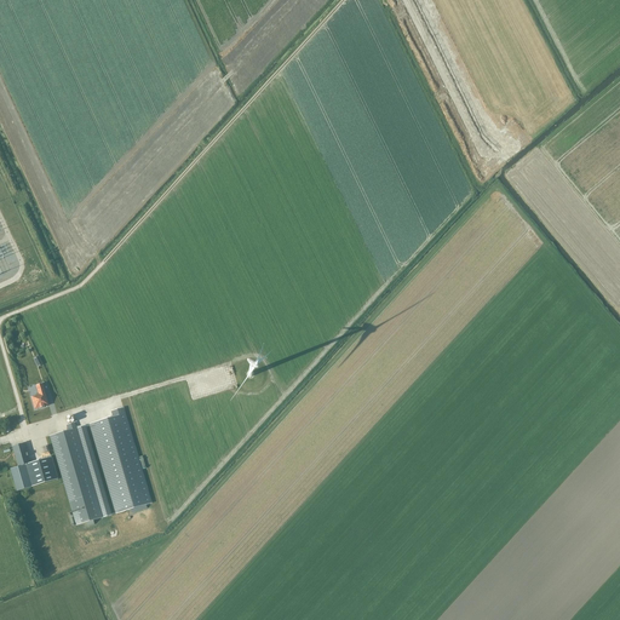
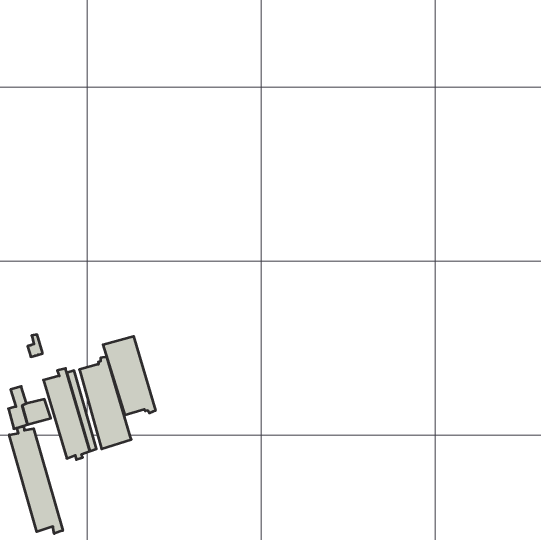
building: none -> [103,336,155,415]
building: none -> [9,426,63,534]

